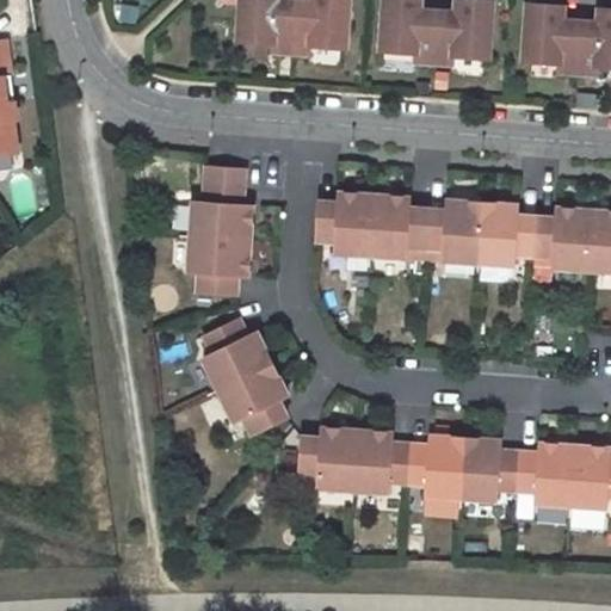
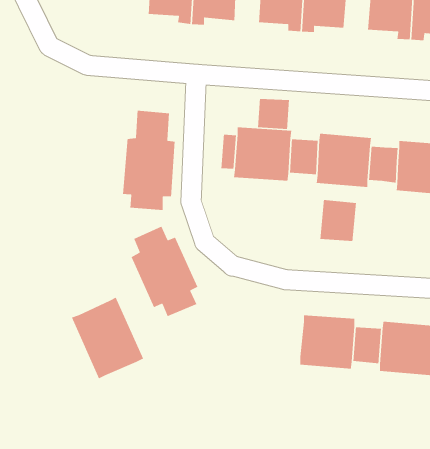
building: none -> [257,98,290,130]
building: none -> [320,199,357,242]
building: none -> [71,297,144,379]
building: [301,424,430,496] -> none

